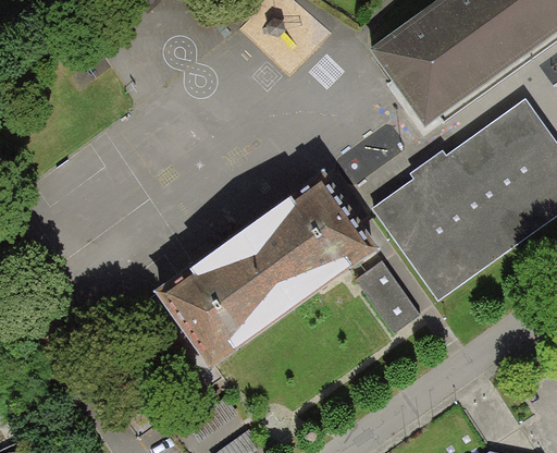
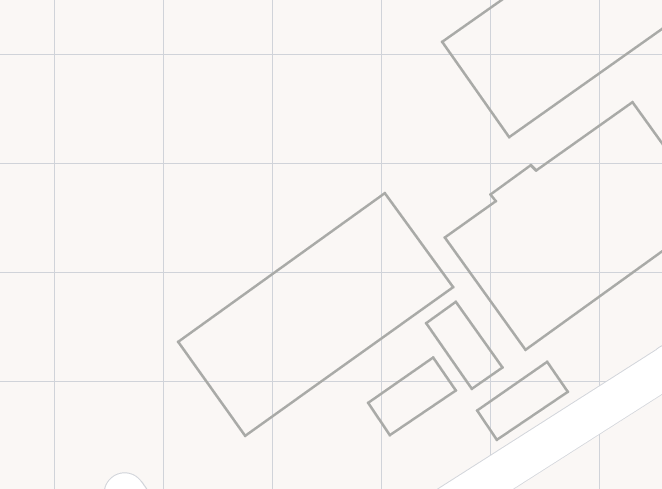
building: none -> [368,358,456,435]
building: none -> [477,362,568,440]

